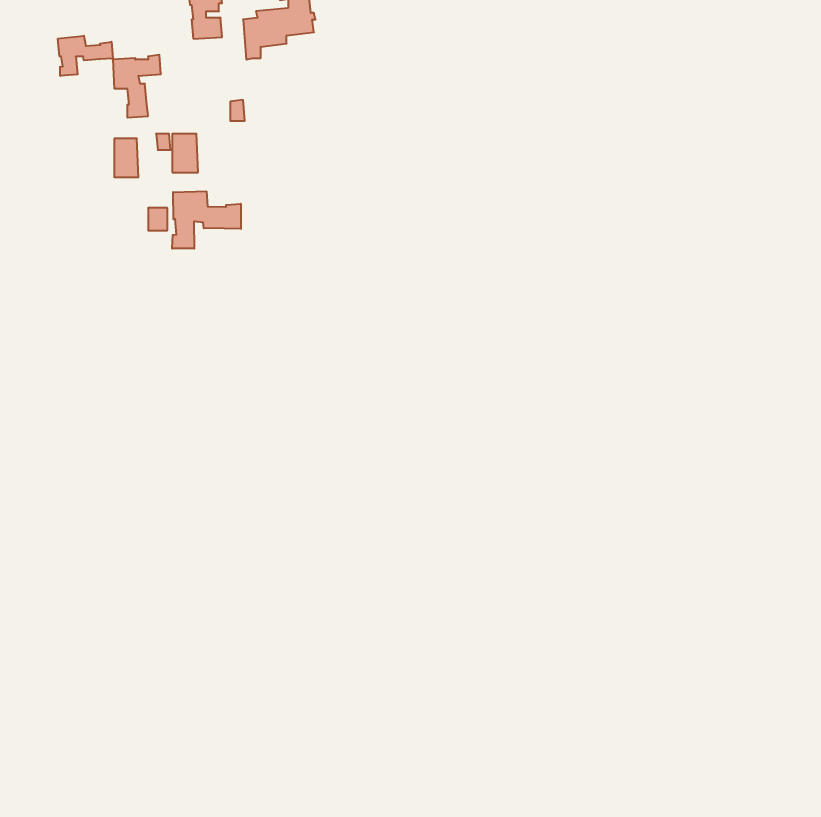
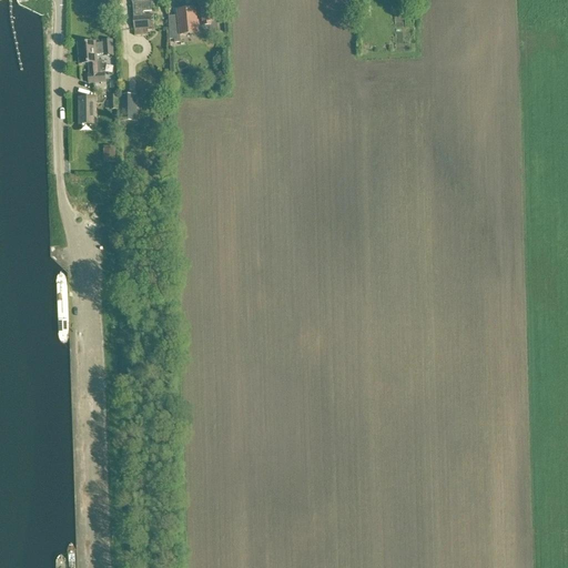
building: [58,36,113,76] -> none
building: [172,191,241,249] -> none

